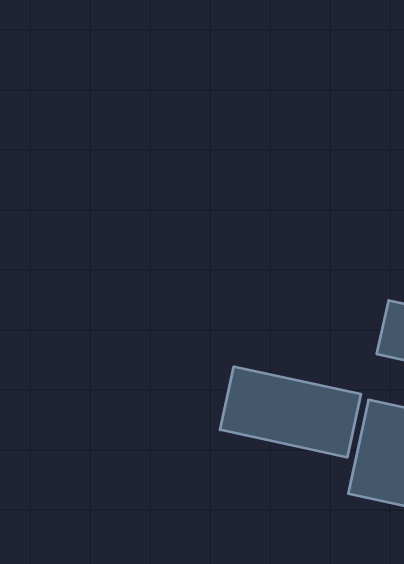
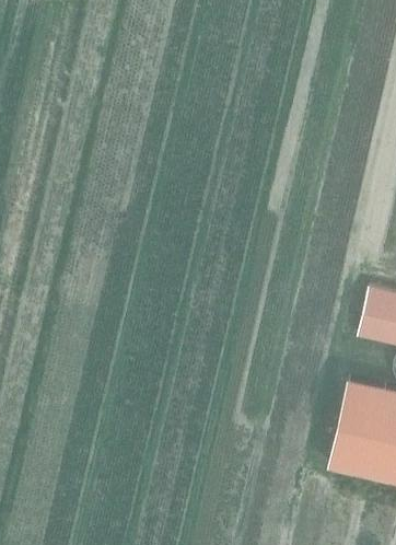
building: [220,367,361,457] -> none

